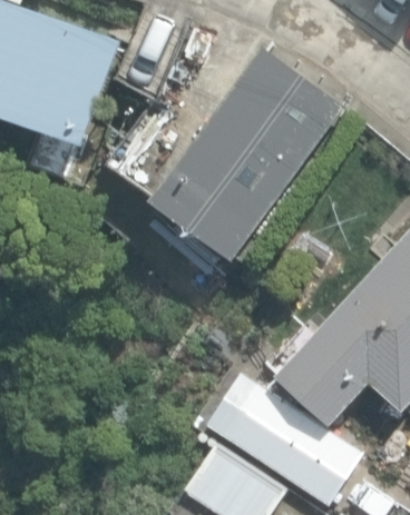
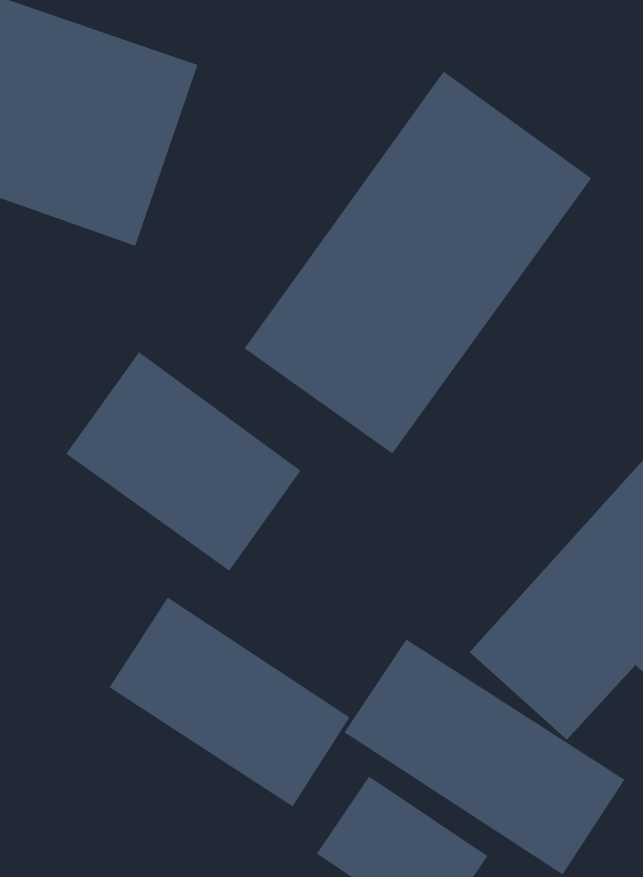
building: none -> [65,351,302,572]
building: none -> [108,596,350,808]

